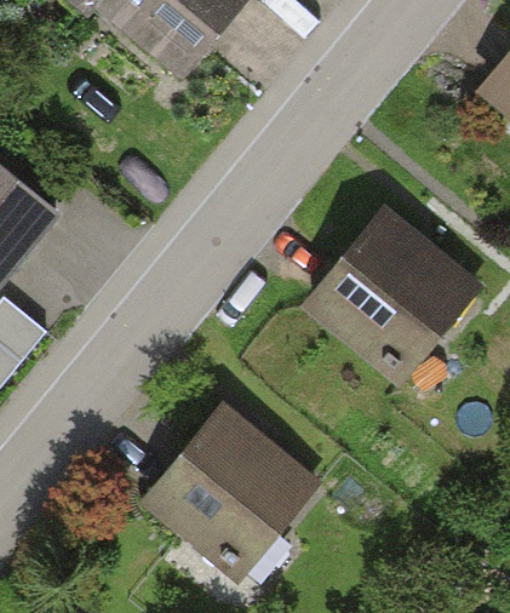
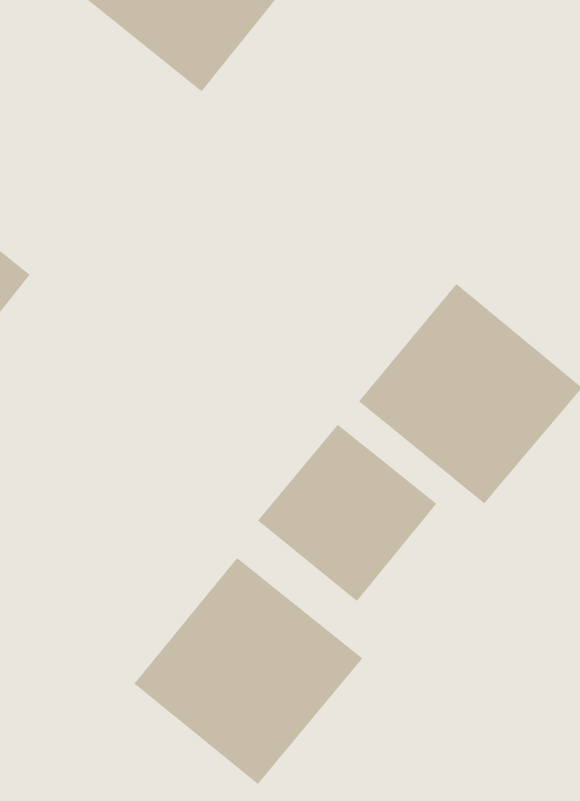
building: none -> [257,424,437,602]

